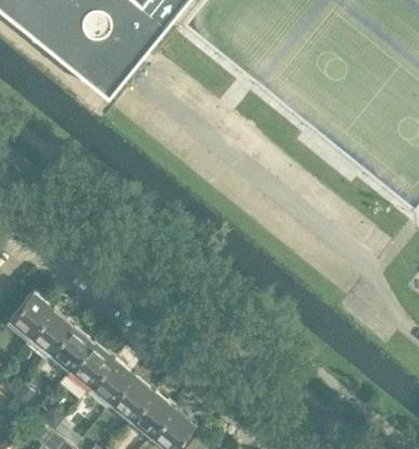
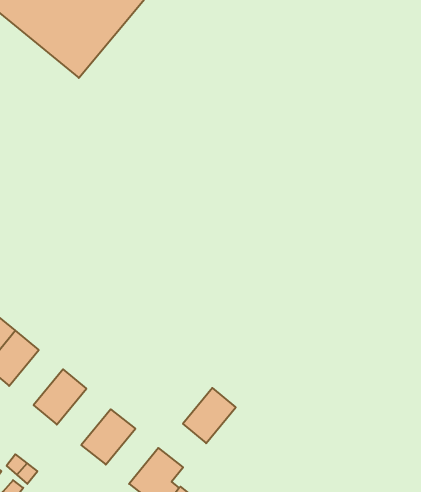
building: [48,324,94,371] -> none
building: [88,357,134,404] -> none
building: [130,390,174,437] -> [183,388,236,443]

